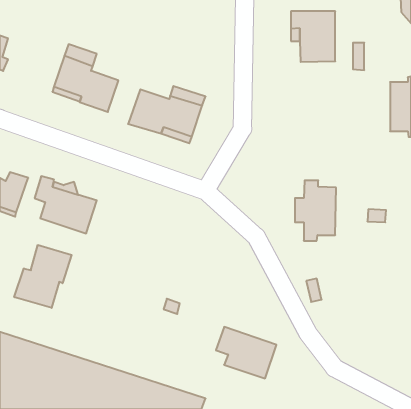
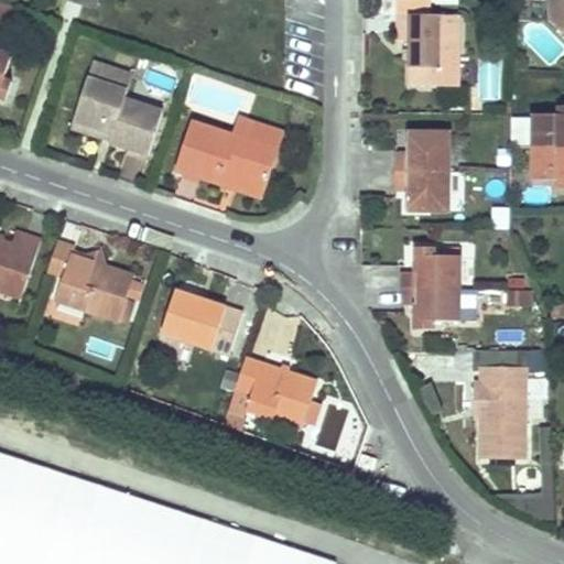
building: none -> [394,131,447,208]
building: none -> [160,289,243,355]
building: [14,245,72,308] -> none
building: none -> [474,367,525,456]
building: [216,327,276,378] -> [235,356,317,426]

